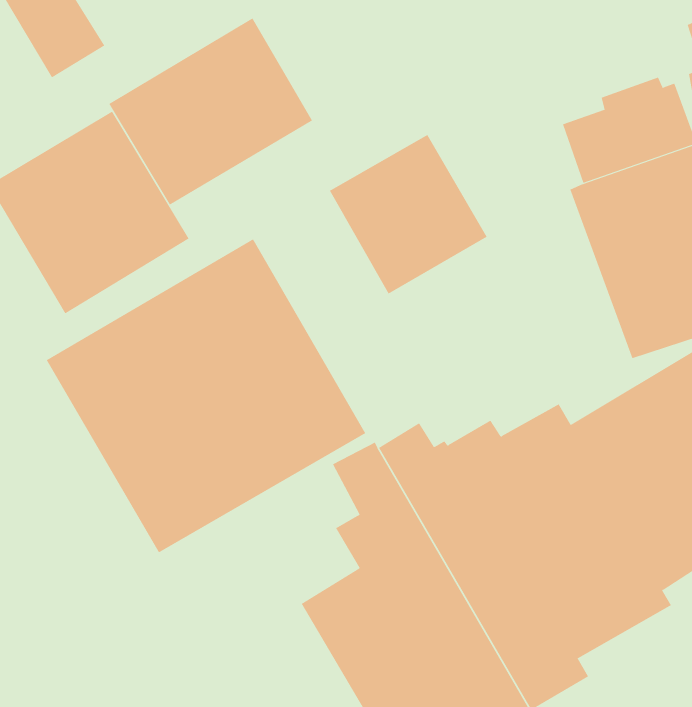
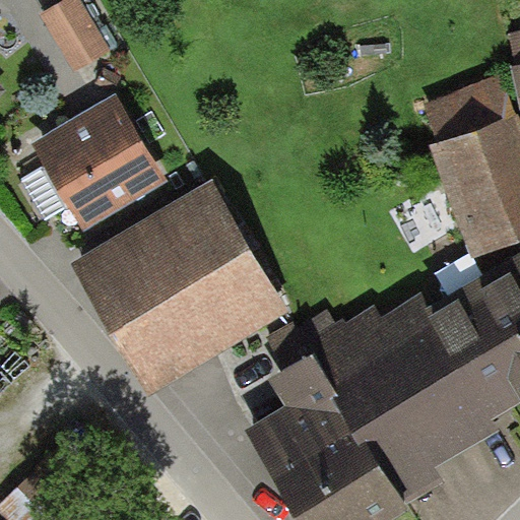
building: [108,17,313,206] -> none
building: [329,134,487,294] -> none

